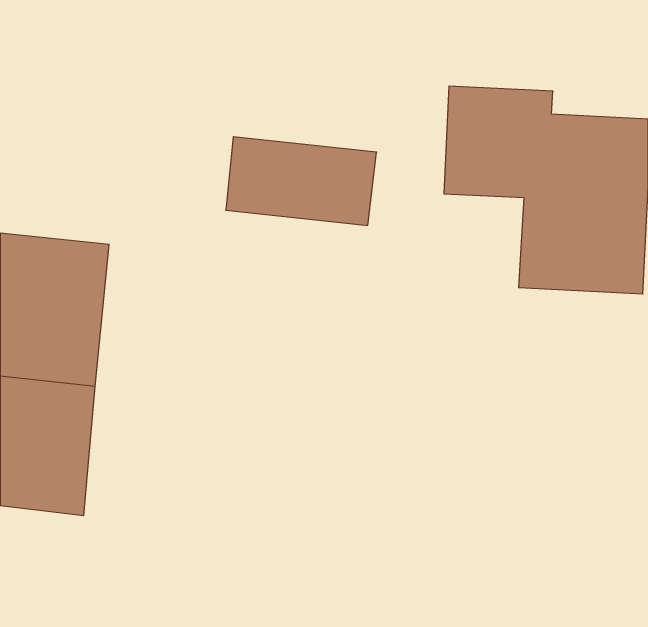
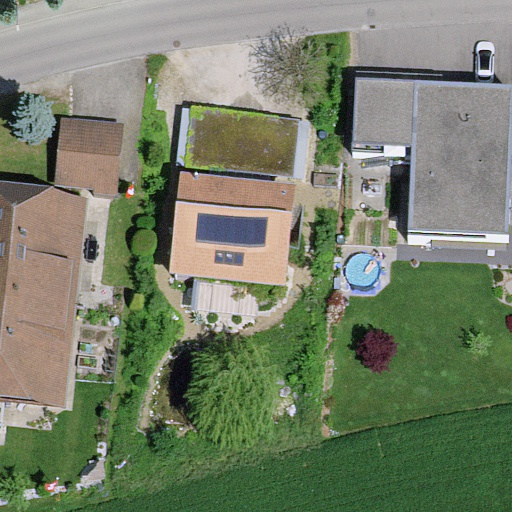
building: none -> [53,116,118,182]
building: none -> [169,183,292,291]

